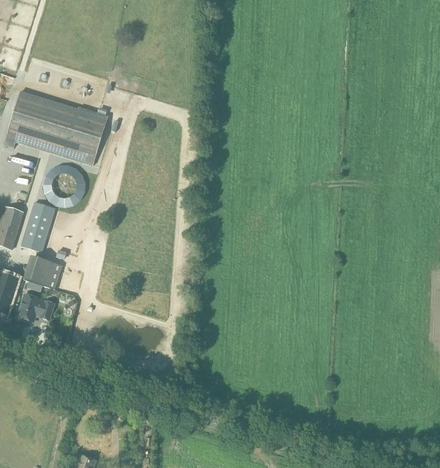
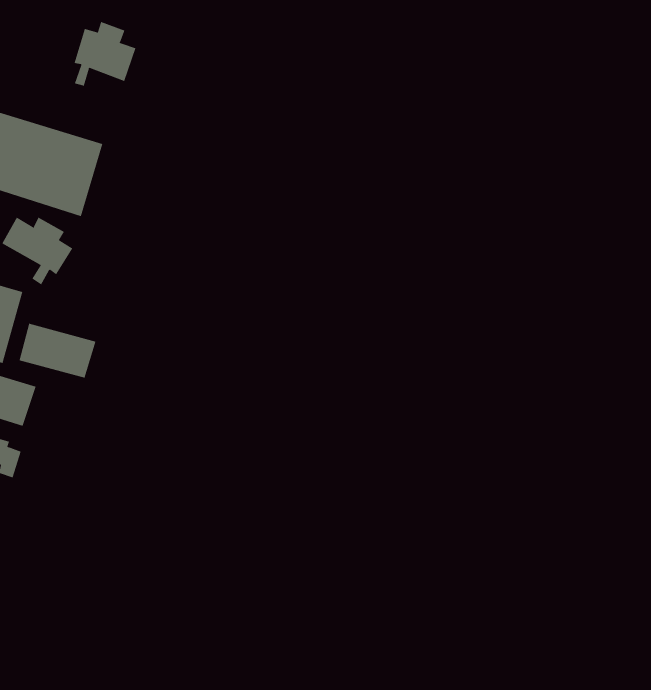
building: none -> [74,21,136,86]
building: none -> [19,323,96,378]

